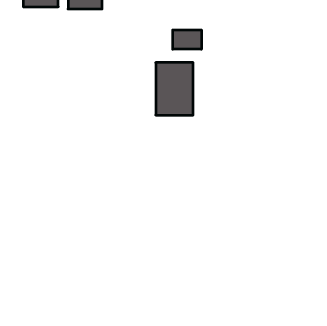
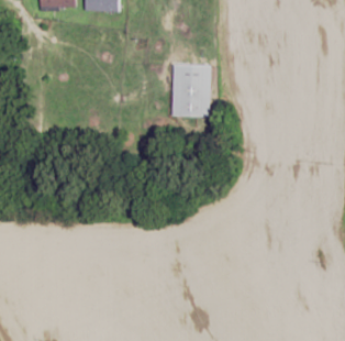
building: [173,30,201,49] -> none

